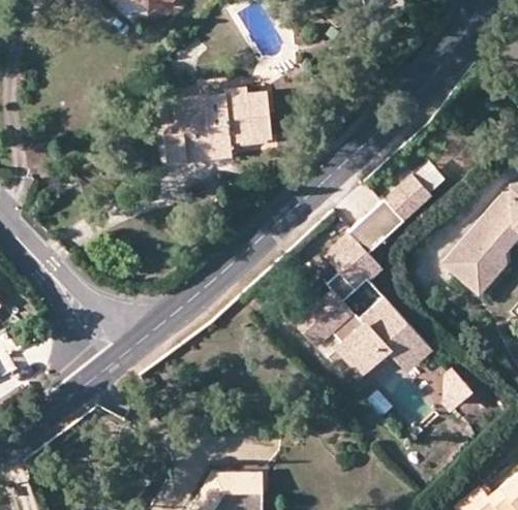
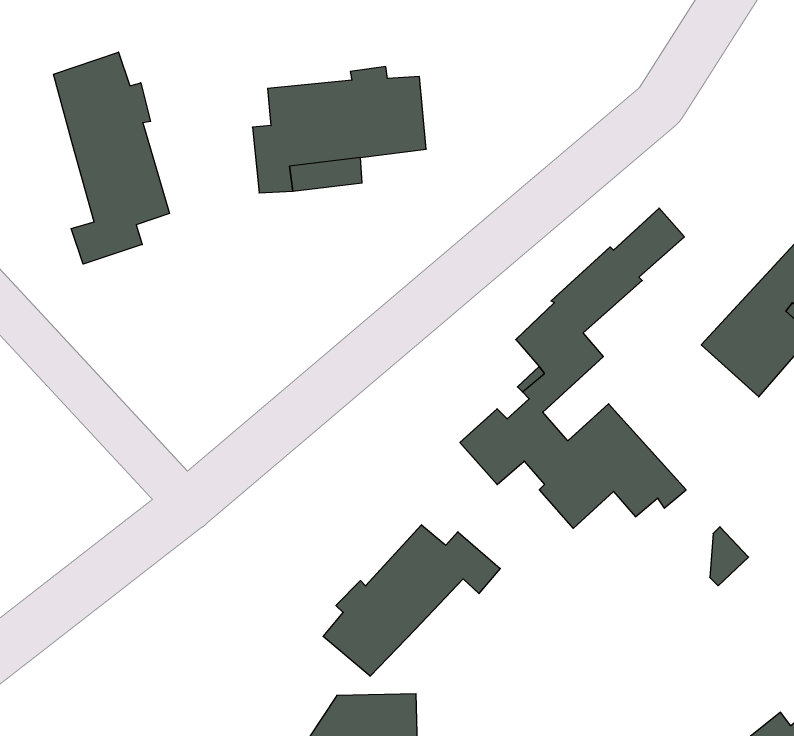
building: none -> [54,52,169,264]
building: none -> [323,525,500,676]

